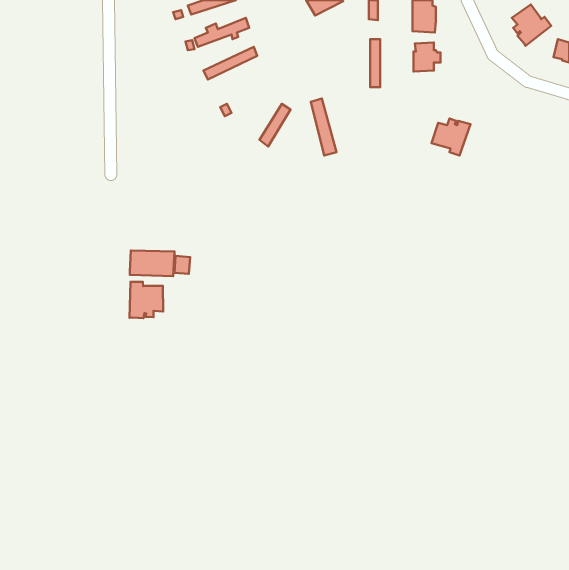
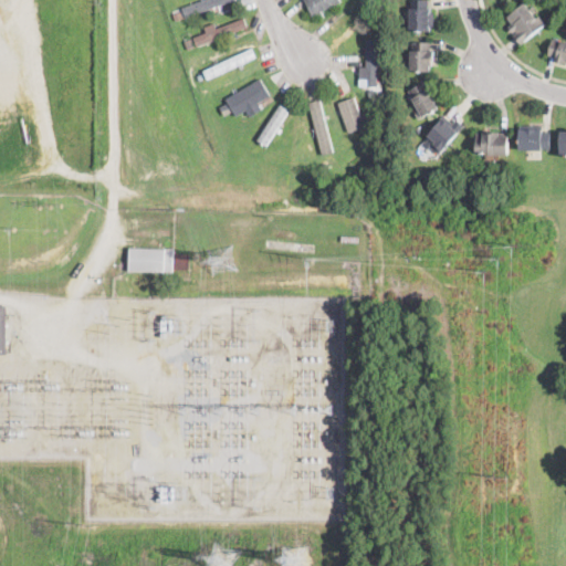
building: none -> [226,78,269,116]
building: none -> [407,84,438,120]
building: none -> [336,94,367,134]
building: none -> [520,127,548,150]
building: none -> [475,134,509,156]
building: [129,282,163,318] -> none

